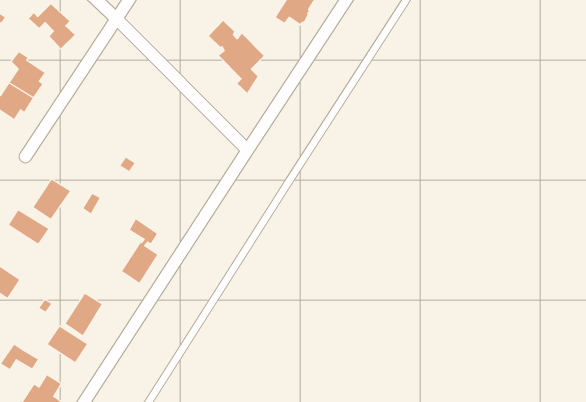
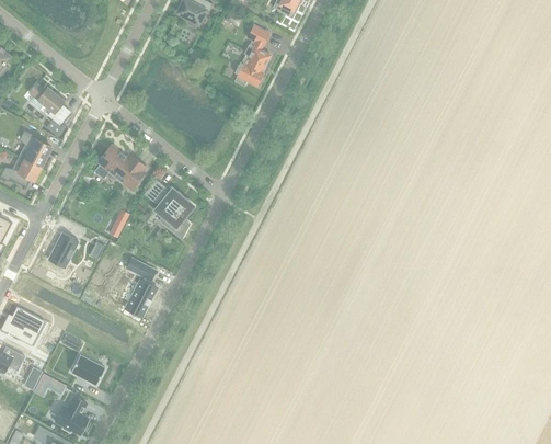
building: [208,20,264,94] -> [144,179,192,238]
building: none -> [94,144,146,189]
building: [8,210,49,245] -> none
building: [65,293,102,336] -> none

